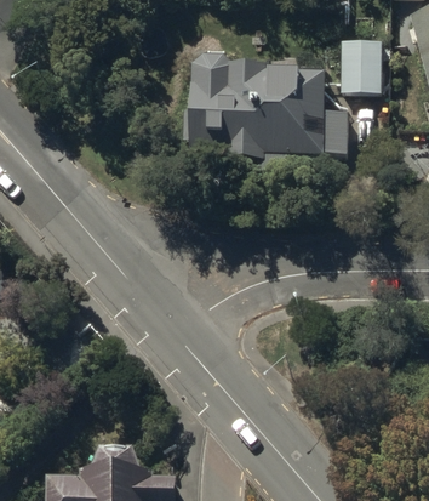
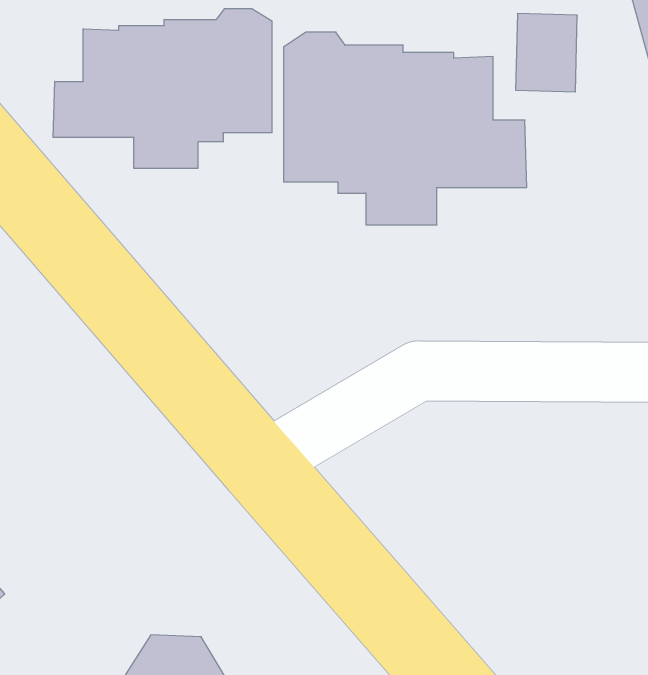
building: none -> [53,9,272,168]

